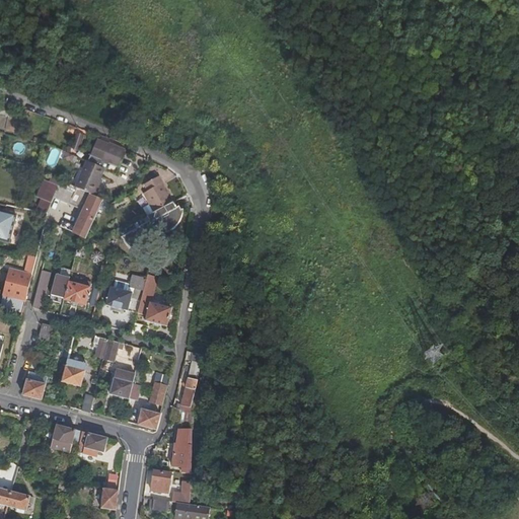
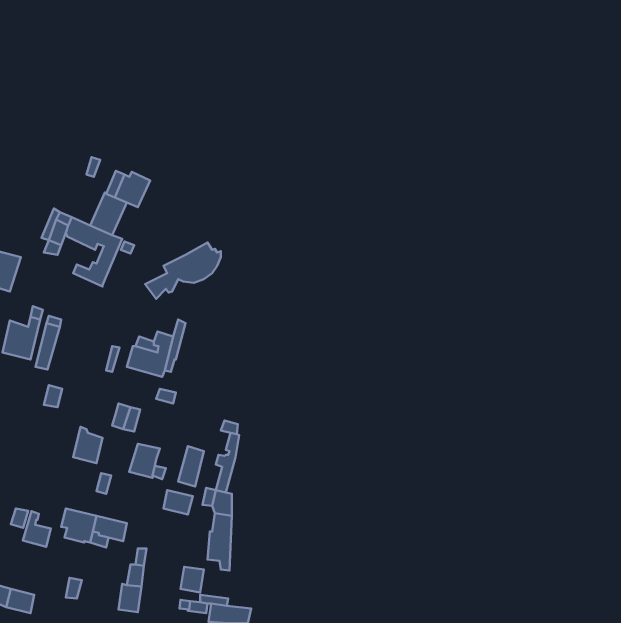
building: [144,176,172,212] -> none
building: [52,273,90,304] -> none
building: [144,302,171,326] -> none
building: [20,369,44,398] -> [23,511,51,547]

